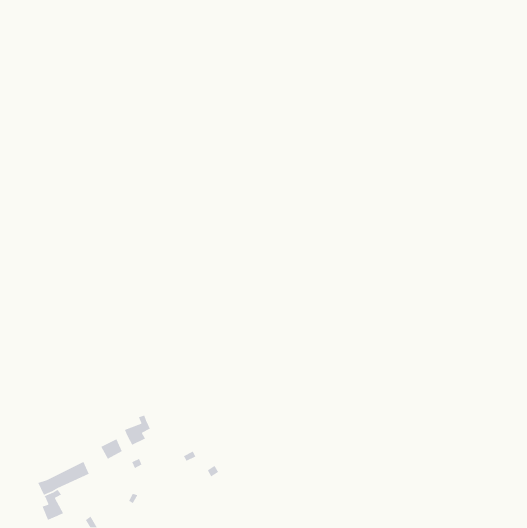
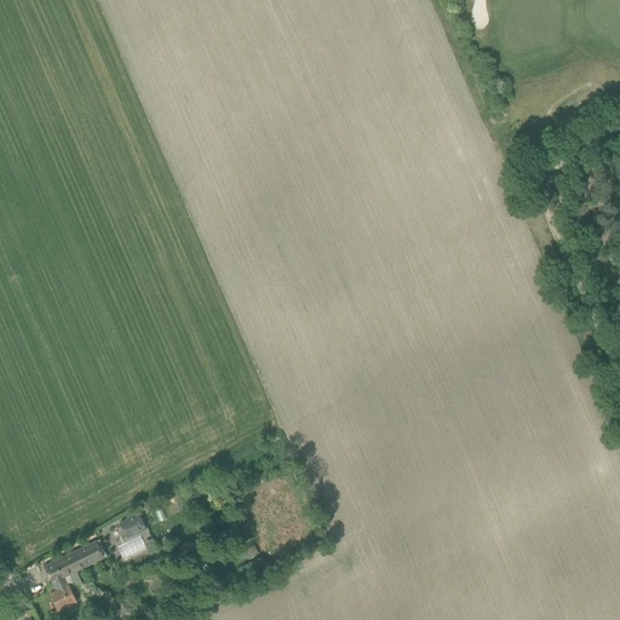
building: [124,415,151,446] -> none

